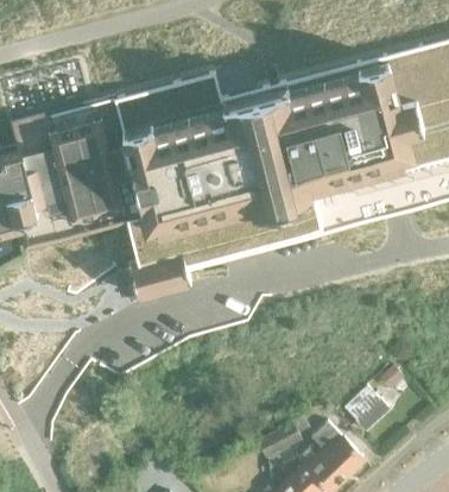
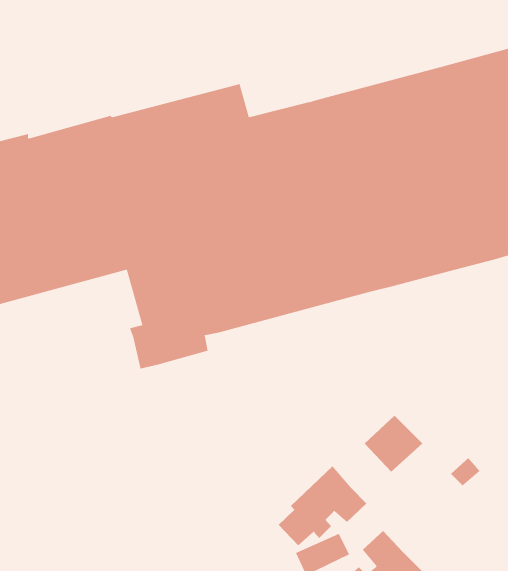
building: none -> [278,466,367,546]
building: [342,386,388,431] -> [364,415,423,472]

